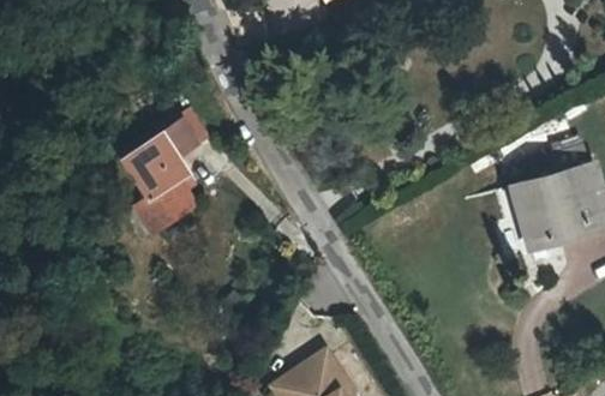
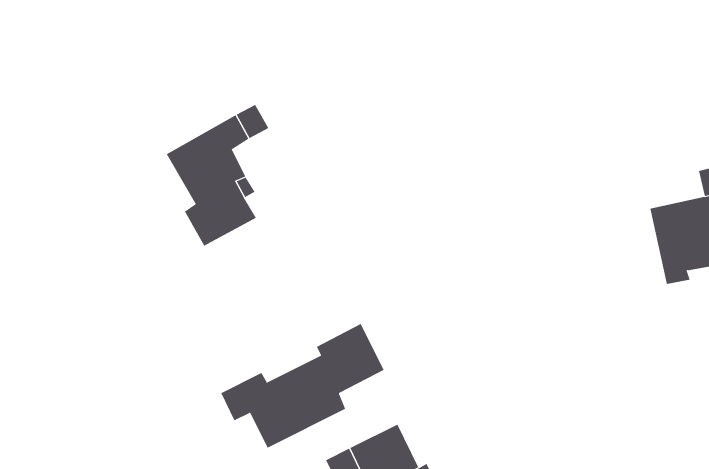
building: none -> [221,323,384,449]

